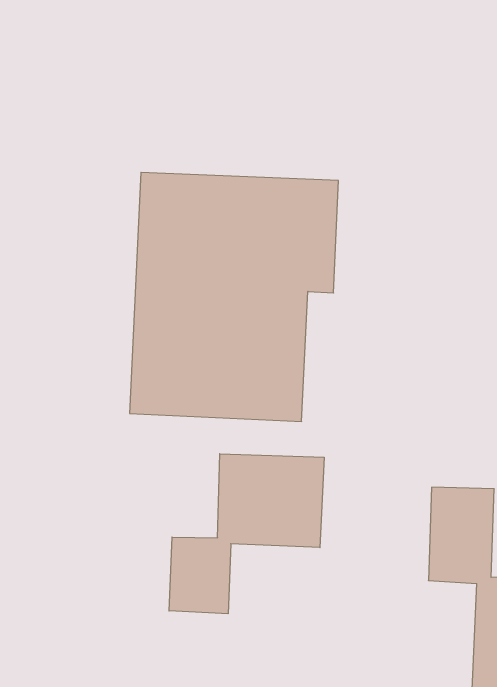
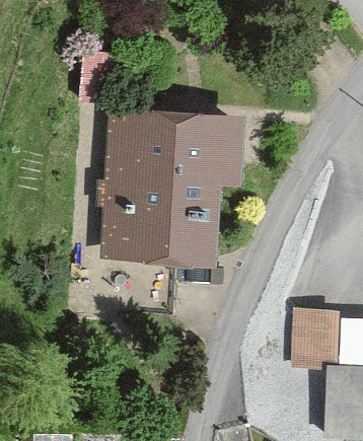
building: [169,454,324,614] -> none

